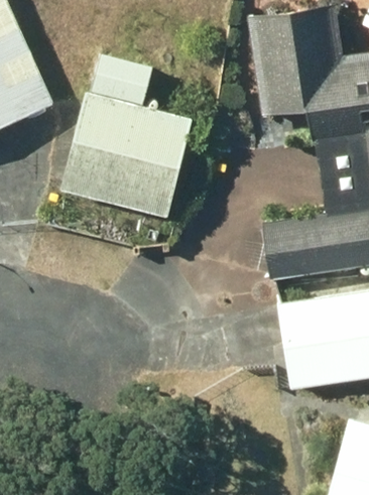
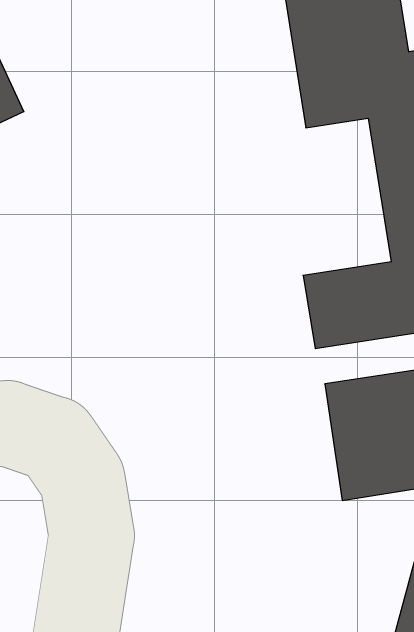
building: [59,91,192,217] -> none

